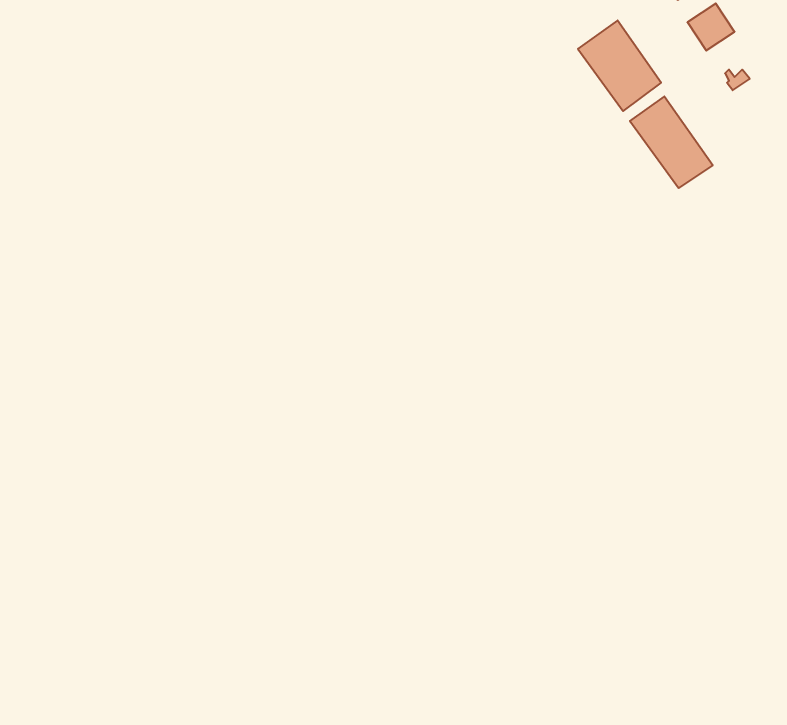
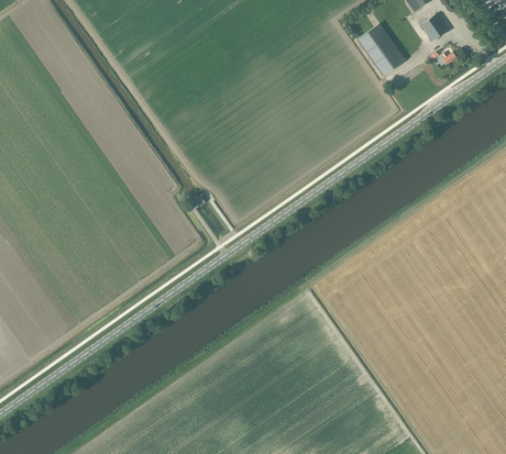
building: [630,96,713,188] -> none

